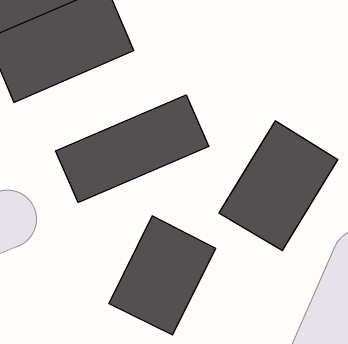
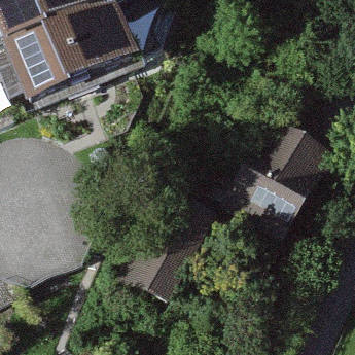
building: [56,95,209,202] -> none

